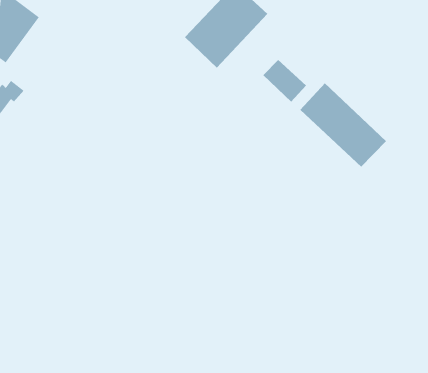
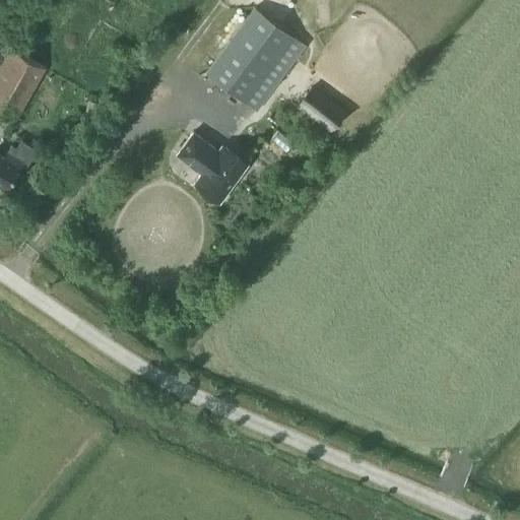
building: [300,82,387,168] -> none
building: none -> [177,134,249,203]

